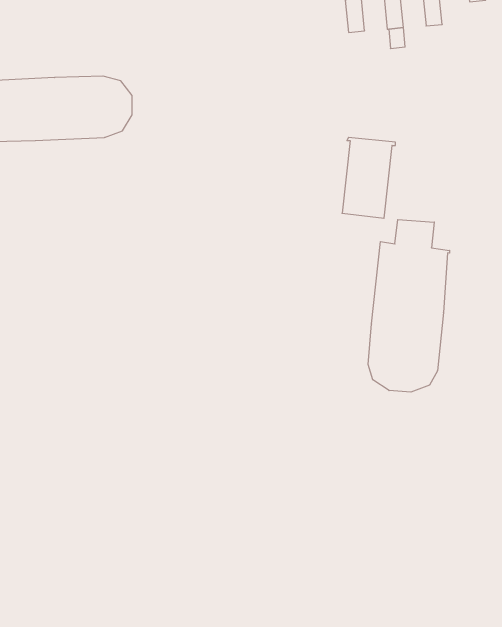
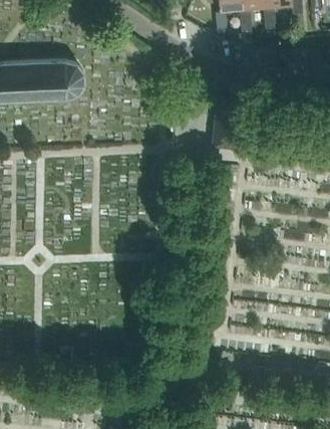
building: [368,220,450,392] -> none

